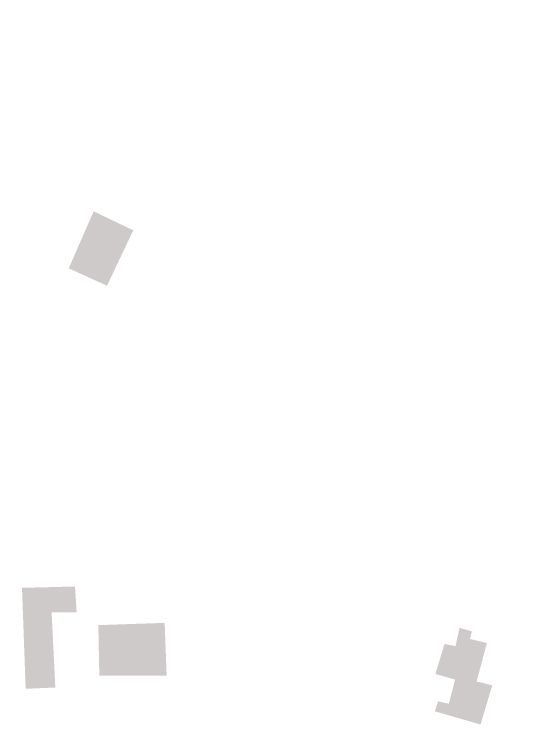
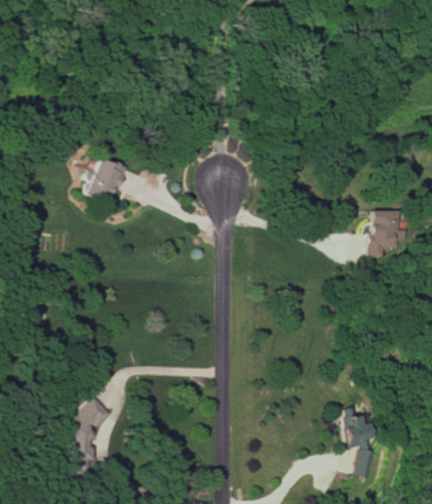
building: none -> [370,210,400,256]
building: [98,622,167,677] -> none

